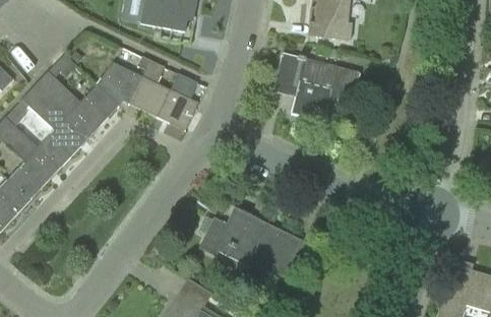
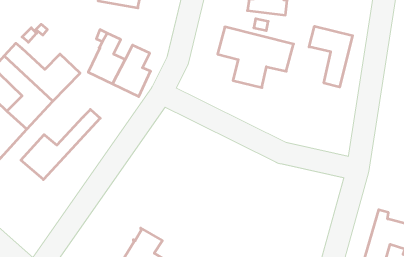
building: none -> [309,26,353,87]
building: [97,62,141,105] -> none
building: none -> [21,109,100,180]
building: [200,209,299,274] -> none

